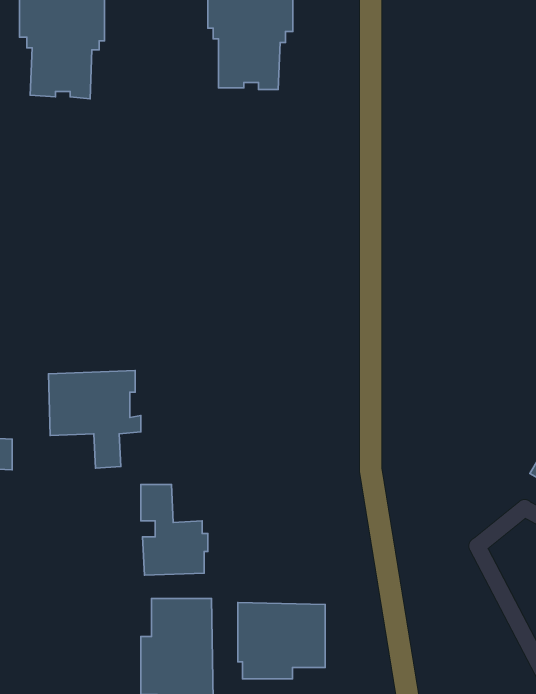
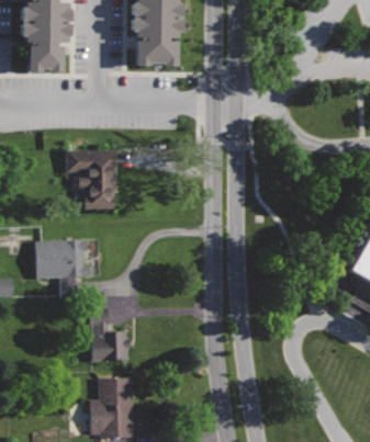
building: none -> [68,148,120,209]
building: [238,602,325,679] -> none

